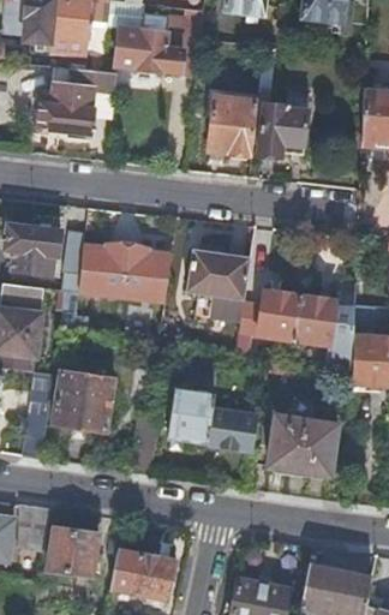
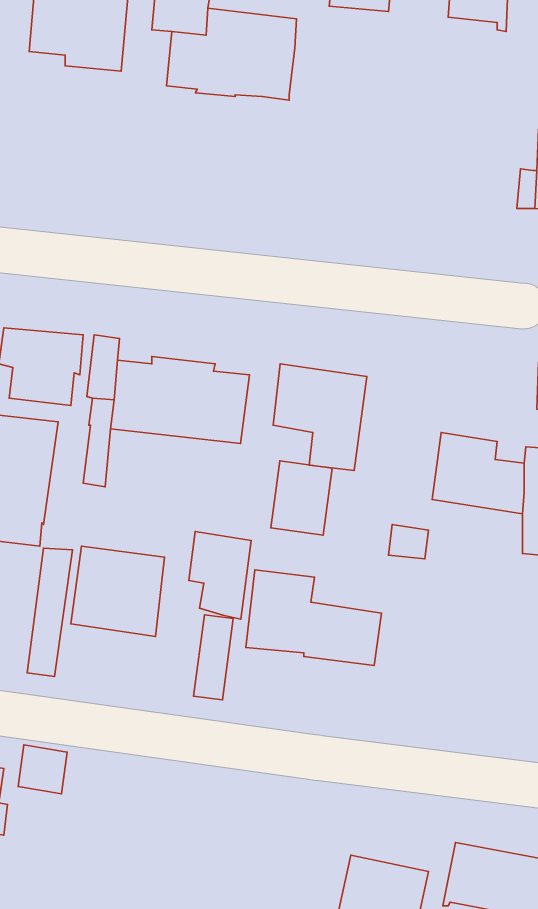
building: [37,66,115,133] -> none
building: [208,97,258,155] -> none
building: [257,103,309,156] -> none
building: [257,289,298,339] -> [271,461,332,535]
building: none -> [189,532,251,619]
building: [265,413,336,476] -> none
building: [47,527,100,575] -> none
building: [110,547,175,598] -> none

